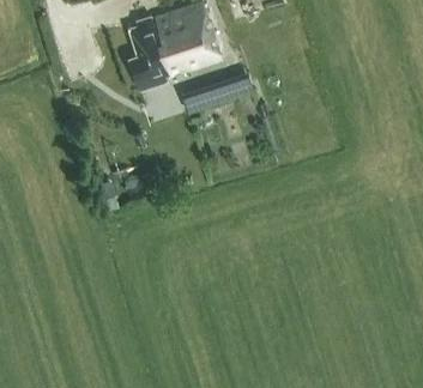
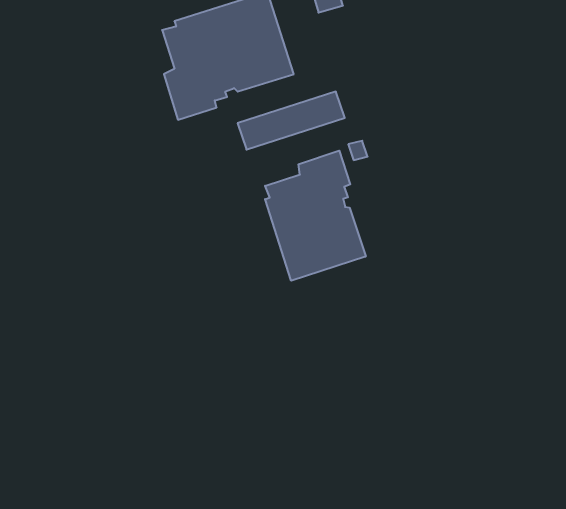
building: none -> [265,151,366,281]

